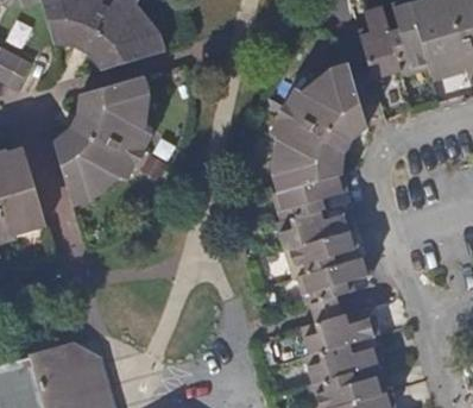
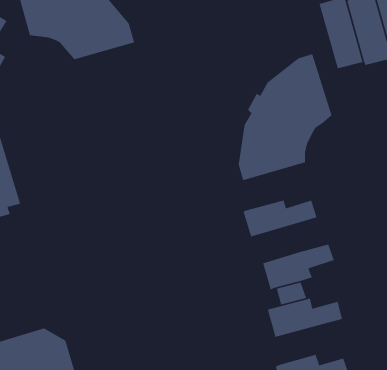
building: [55,75,151,205] -> none
building: [272,174,347,222] -> none
building: [285,231,359,278] -> none
building: [307,344,384,382] -> none

